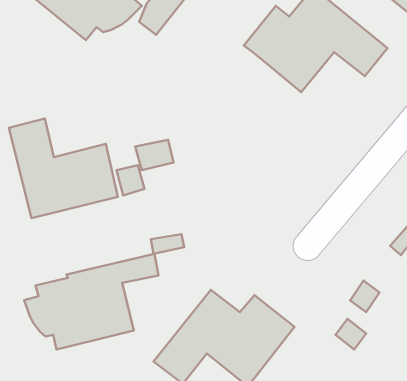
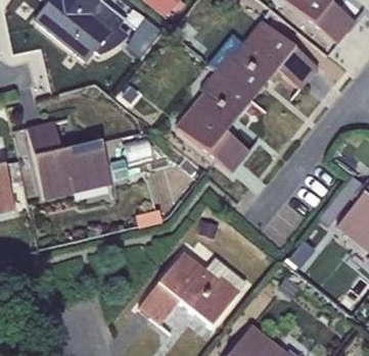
building: none -> [177,70,251,172]
building: [24,254,158,350] -> none

